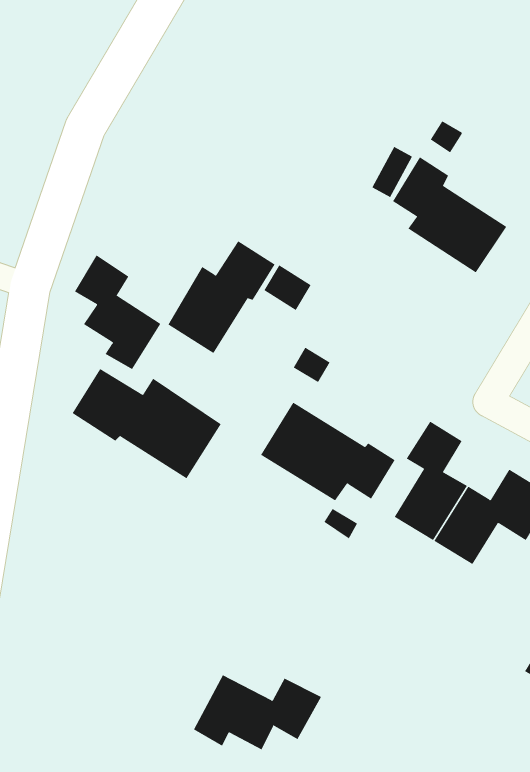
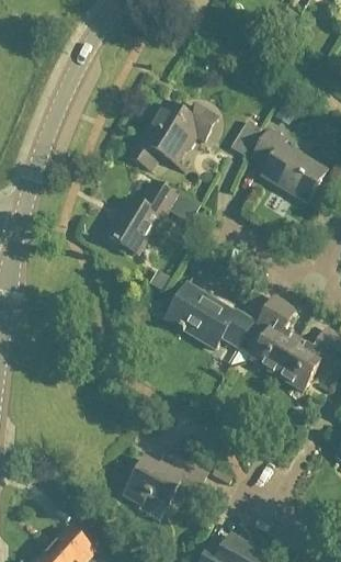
building: none -> [130,102,217,170]
building: [74,255,161,370] -> none
building: [72,368,222,479] -> none

